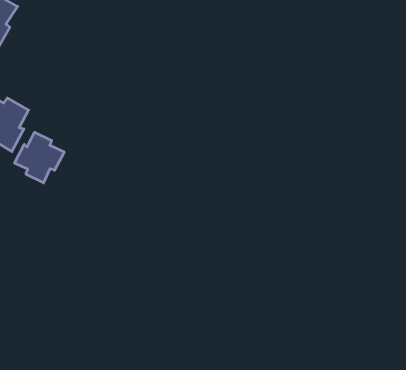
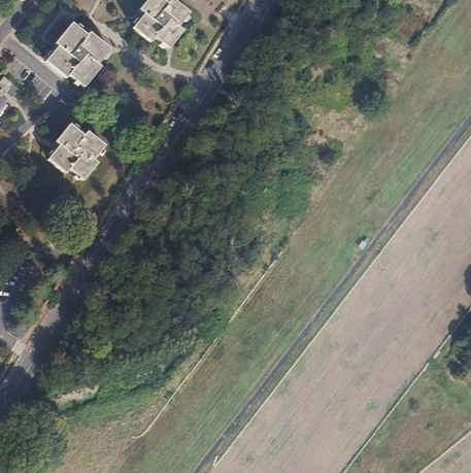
building: [15,132,64,183] -> none

